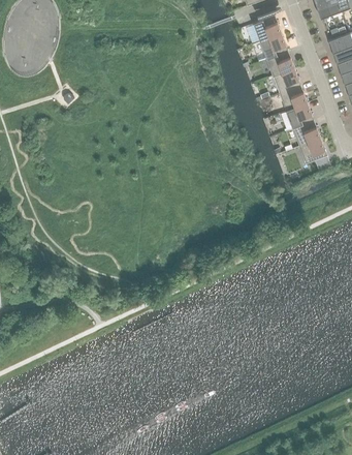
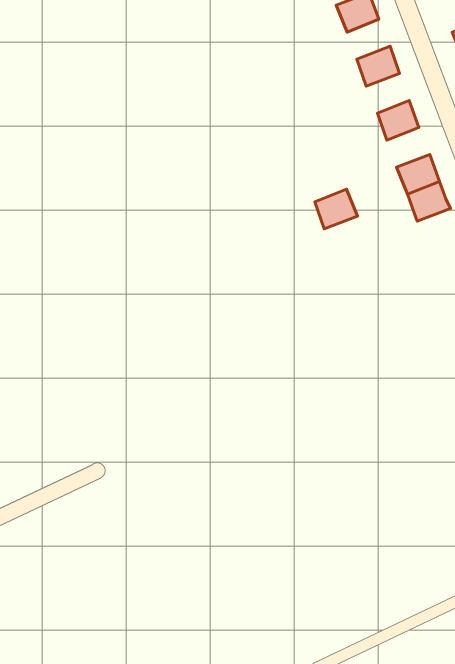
building: [260,33,288,59] -> none
building: [273,68,300,94] -> none
building: [286,103,314,129] -> [315,189,358,229]

